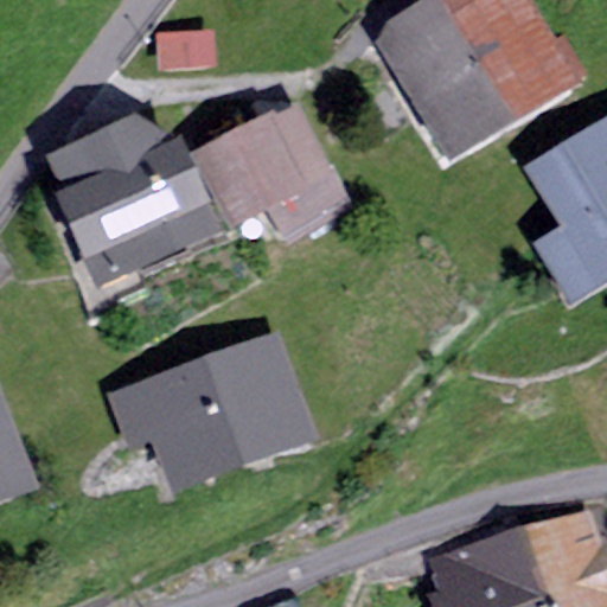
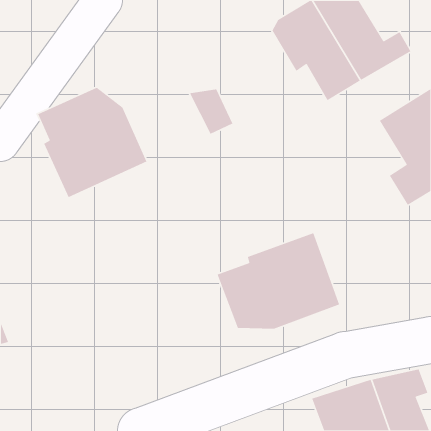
building: [204,130,304,225] -> none
building: none -> [217,232,340,330]
building: [155,354,290,468] -> none

